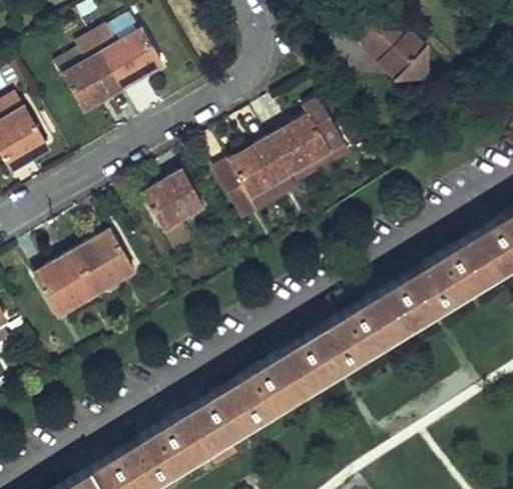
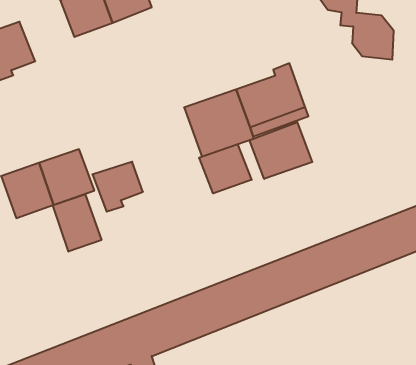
building: none -> [249,122,312,179]
building: [143,173,200,231] -> [92,162,143,212]
building: none -> [199,144,252,193]
building: none -> [53,194,101,252]

